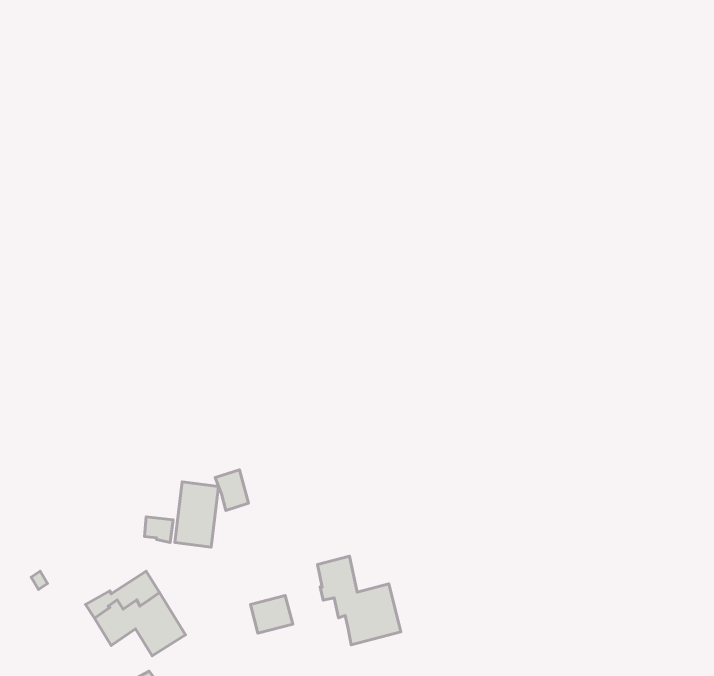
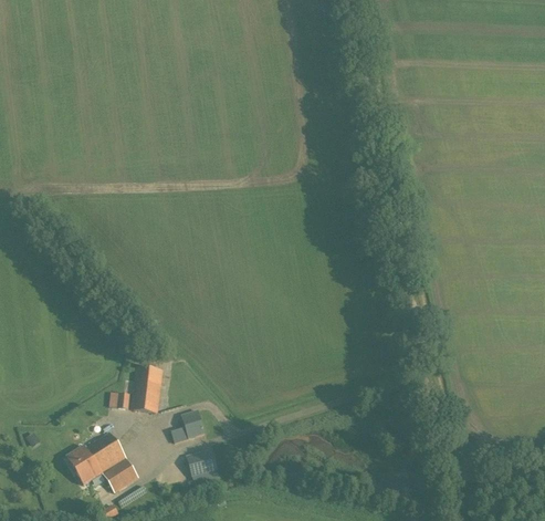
building: [215,470,249,511] -> [180,409,205,439]
building: [318,556,401,645] -> none

